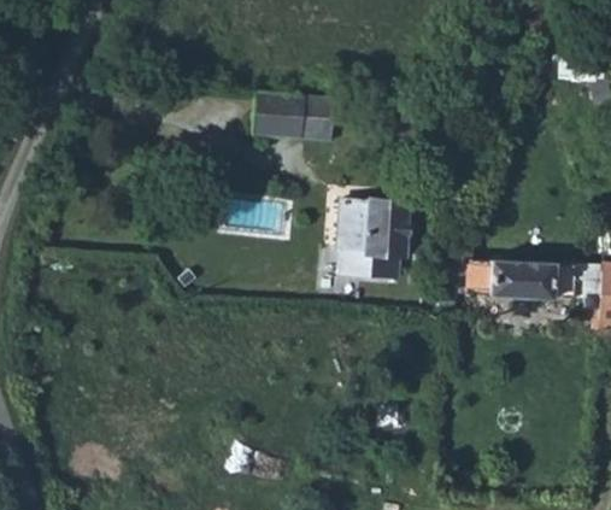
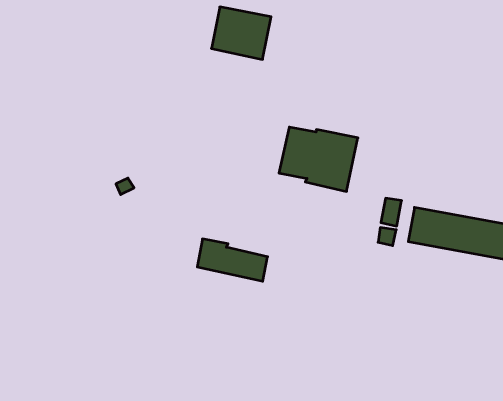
building: [305,96,337,140] -> none
building: [337,246,404,279] -> [197,239,268,281]

